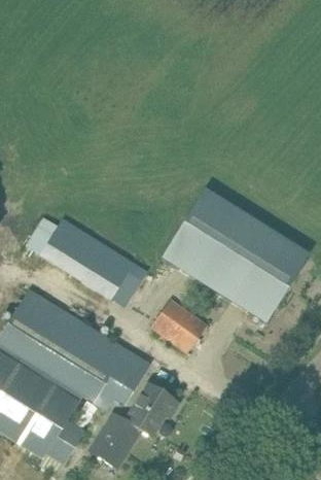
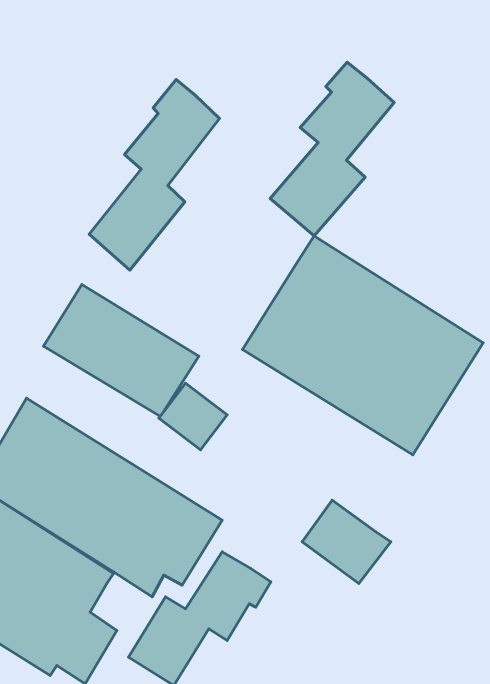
building: none -> [270,62,394,236]
building: none -> [89,79,219,270]
building: [151,299,206,350] -> [302,500,391,584]

